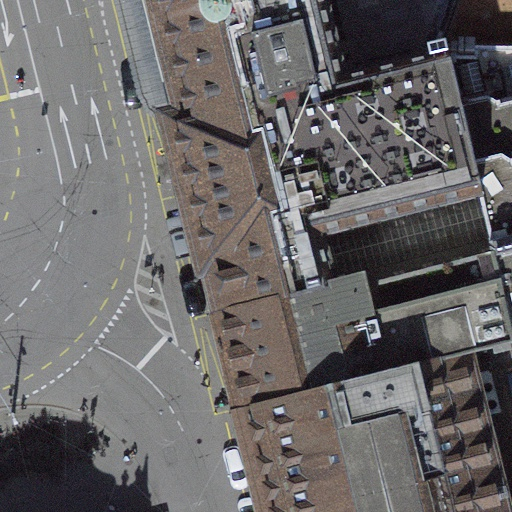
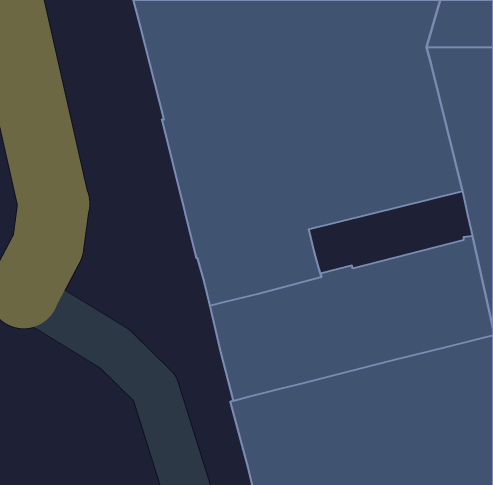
building: [315,211,482,295] -> none

